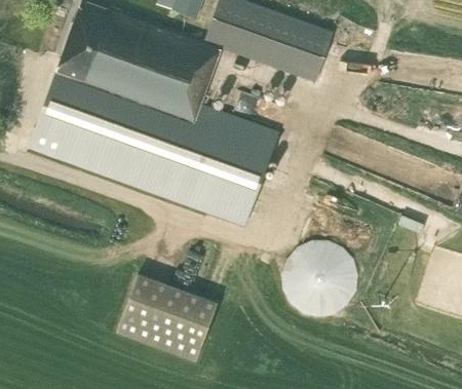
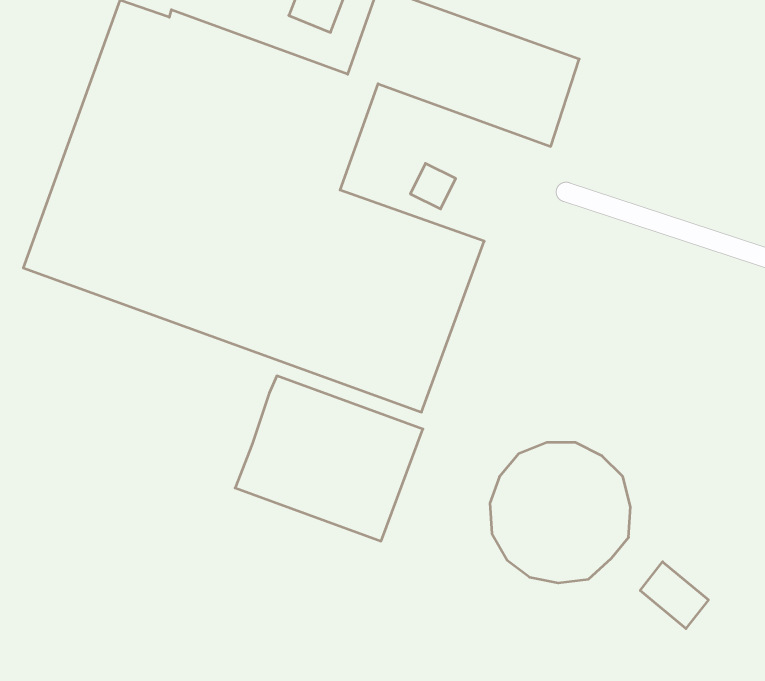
building: [116,273,218,362] -> [235,376,423,541]
building: none -> [640,562,708,629]

